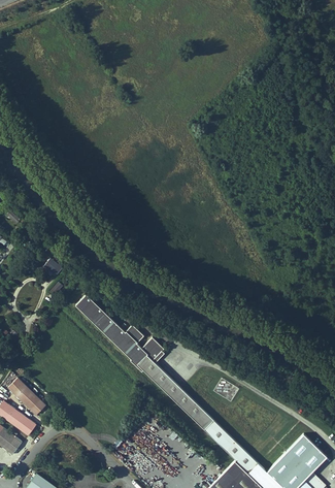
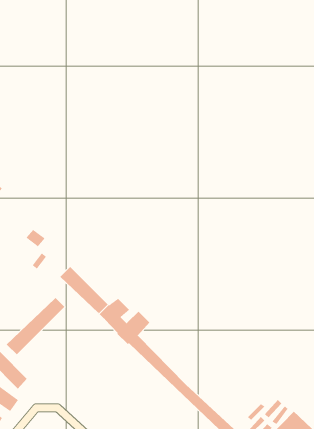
building: none -> [6,297,65,355]

